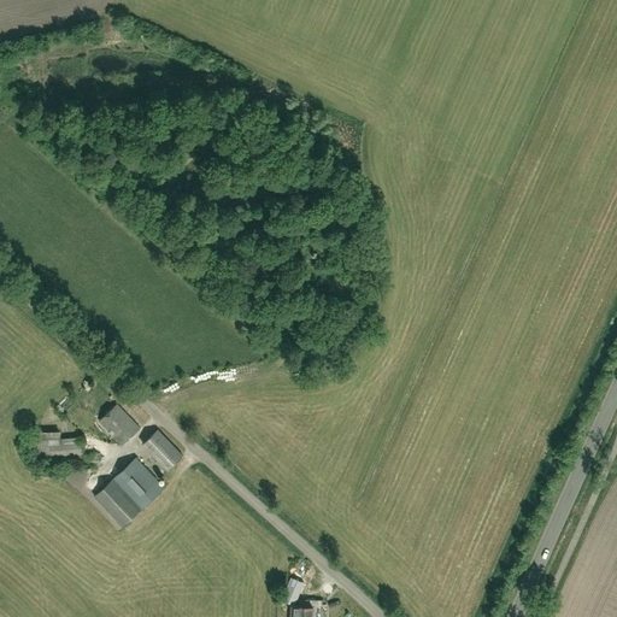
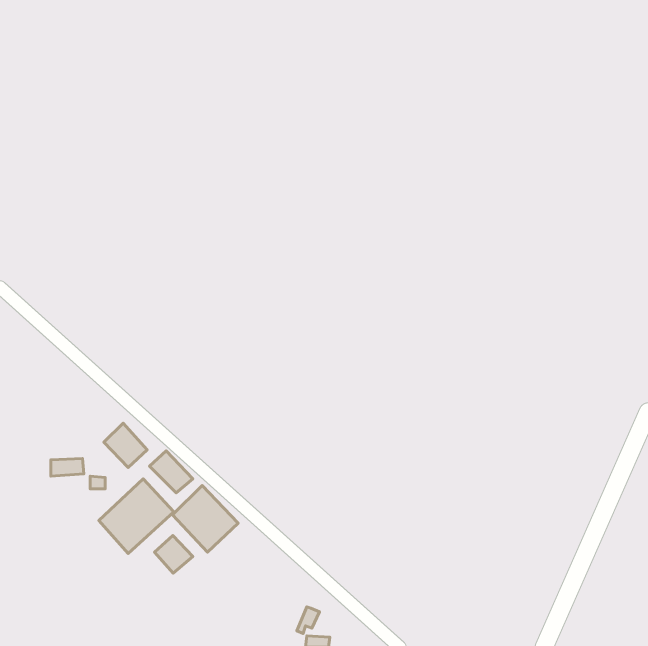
building: none -> [173,486,238,552]
building: none -> [154,535,193,573]

